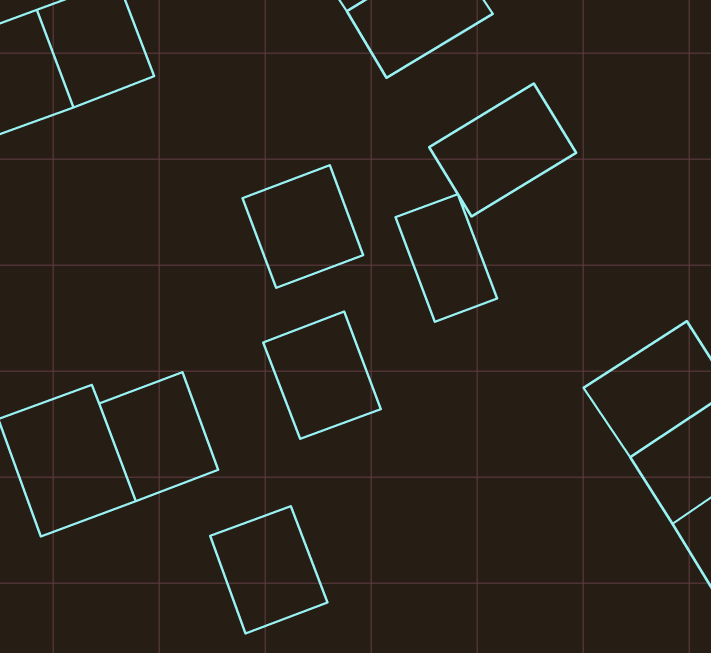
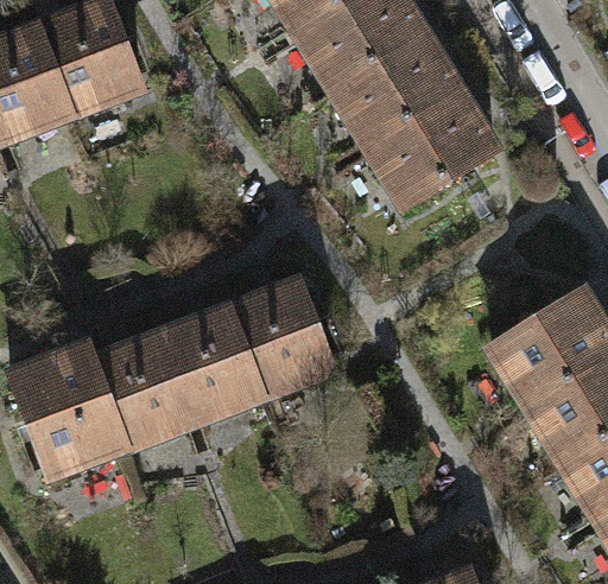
building: none -> [329,34,452,146]
building: [243,165,363,288] -> none
building: [395,194,497,322] -> none
building: [210,506,328,634] -> [158,310,256,417]

